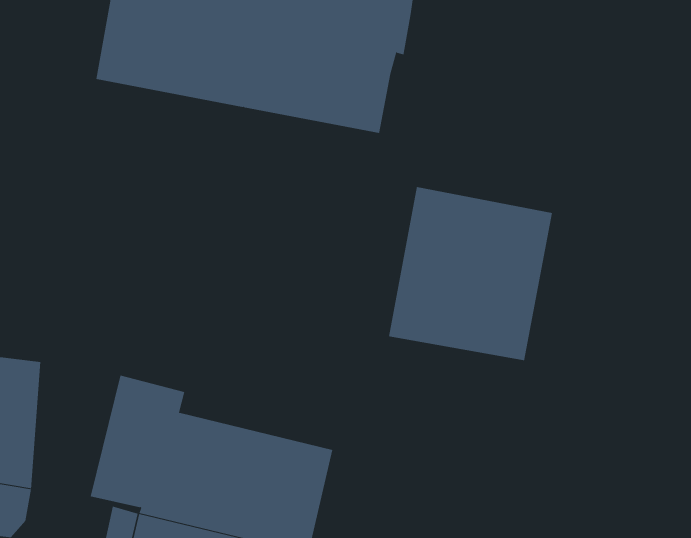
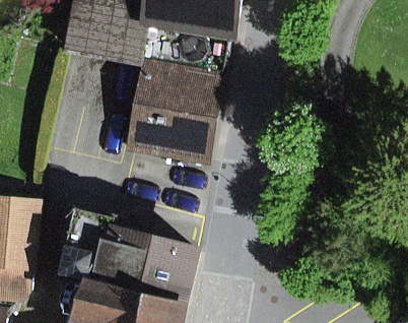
building: [388,187,553,361] -> [129,63,218,157]

